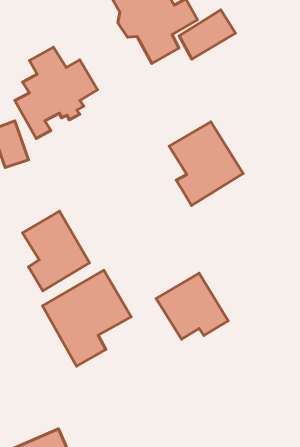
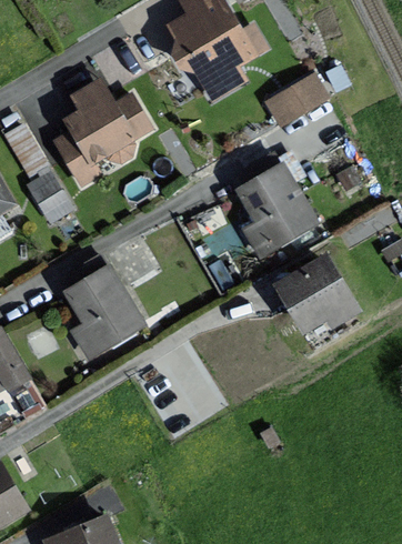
building: [179,10,235,59] -> [263,72,328,129]
building: [43,270,131,366] -> none
building: [156,273,228,339] -> [277,255,359,331]

